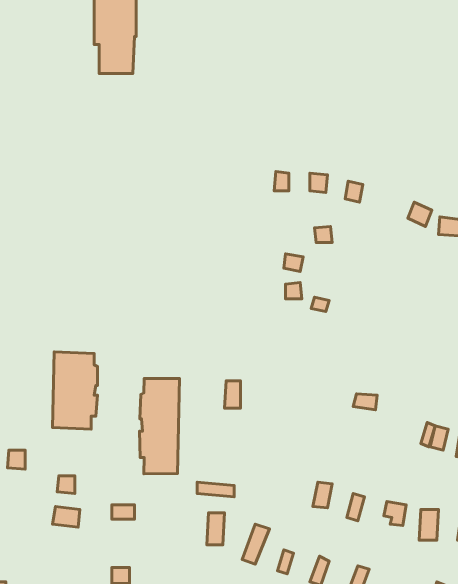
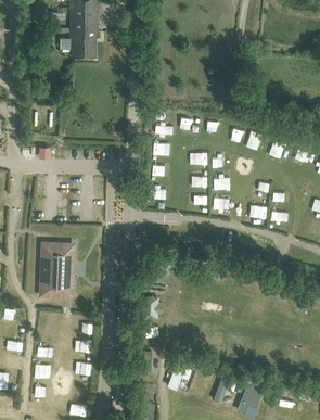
building: [140,378,180,474] -> none

